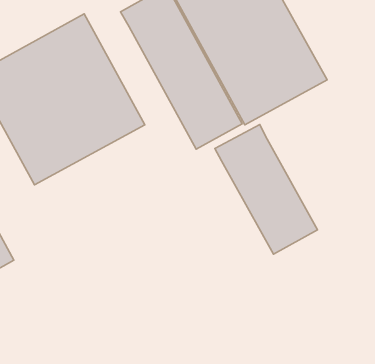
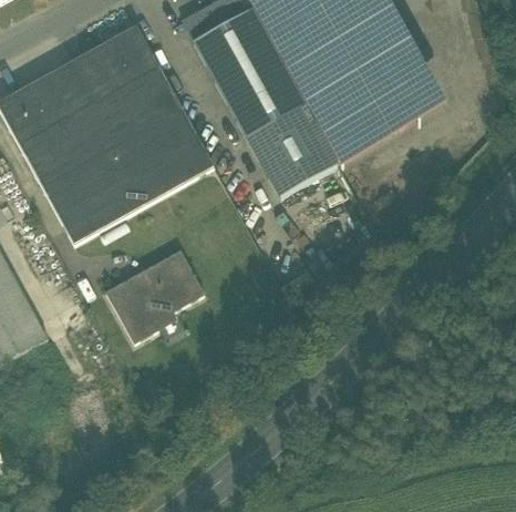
building: [215,124,318,254] -> none
building: none -> [105,249,204,342]

